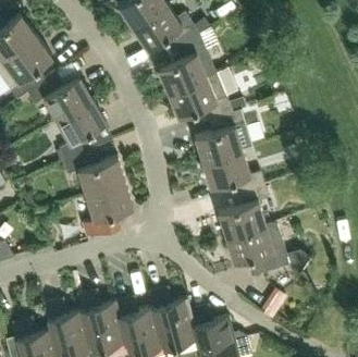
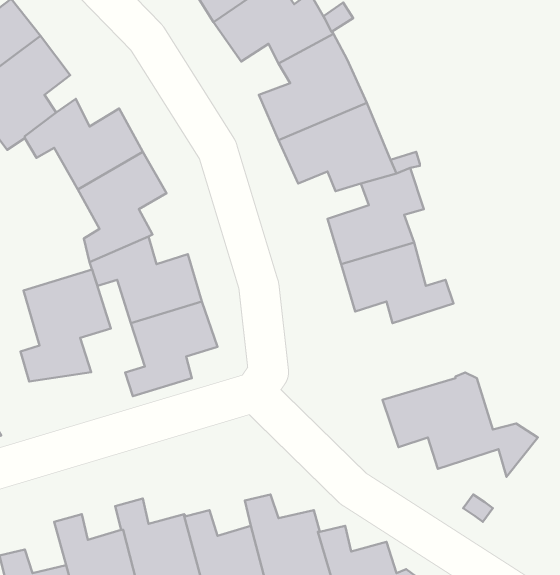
building: none -> [21,270,111,382]
building: [218,185,269,238] -> none

